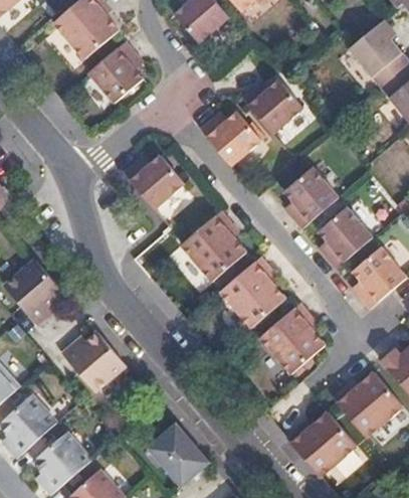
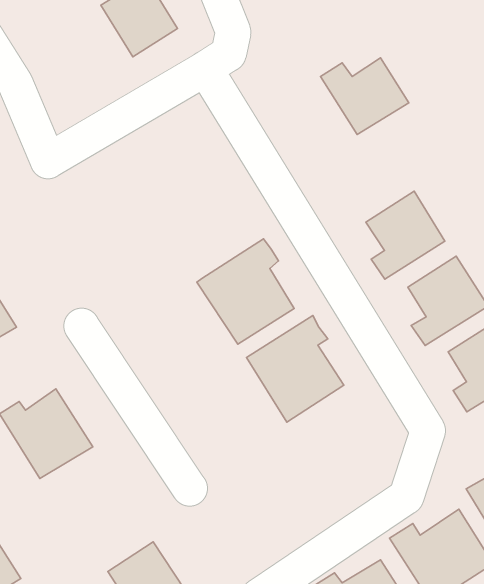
building: [198,109,261,166] -> none
building: [122,153,185,209] -> none
building: [258,304,324,375] -> none

